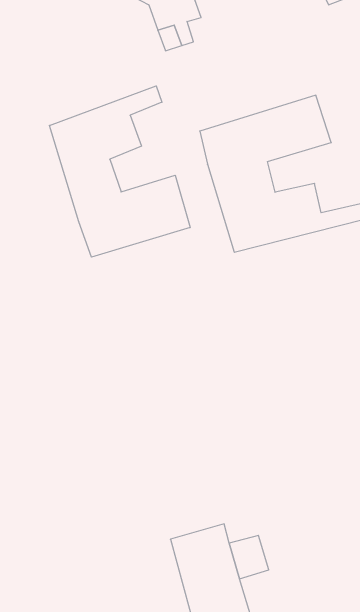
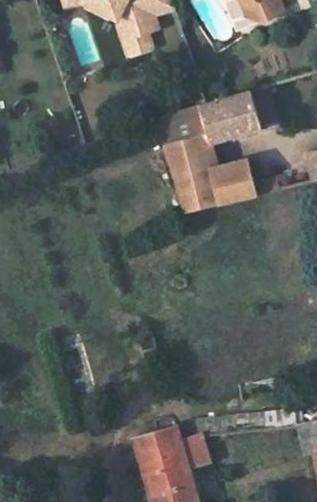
building: [49,86,190,257] -> none

